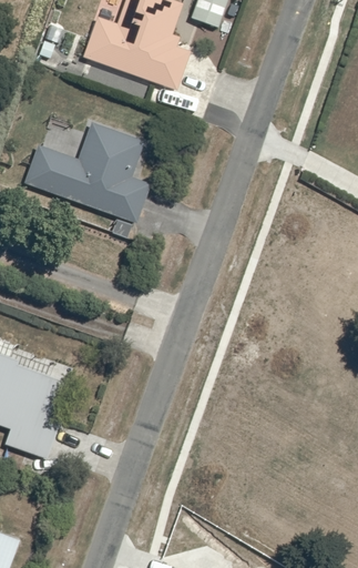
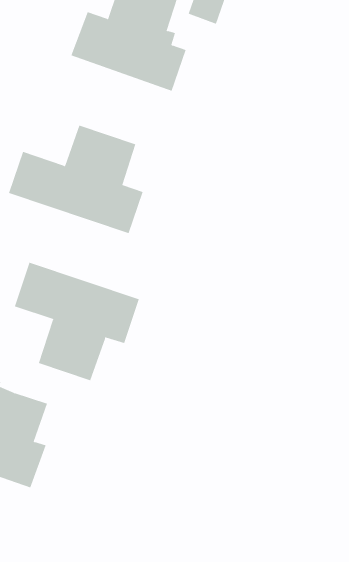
building: none -> [14,262,139,381]

